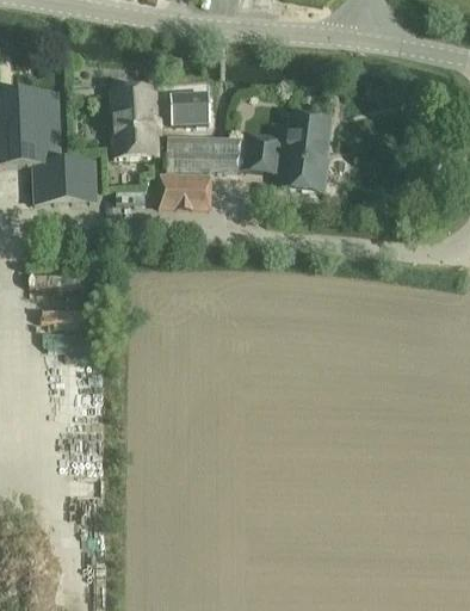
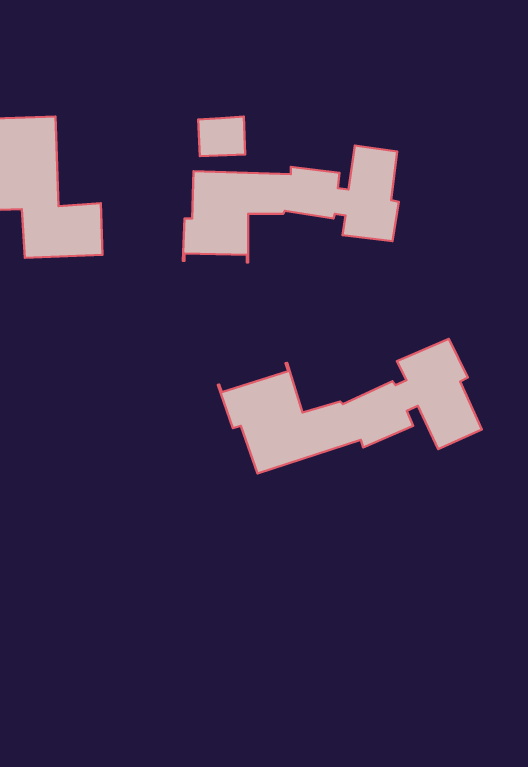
building: [111,88,156,156] -> none
building: none -> [218,339,482,474]

